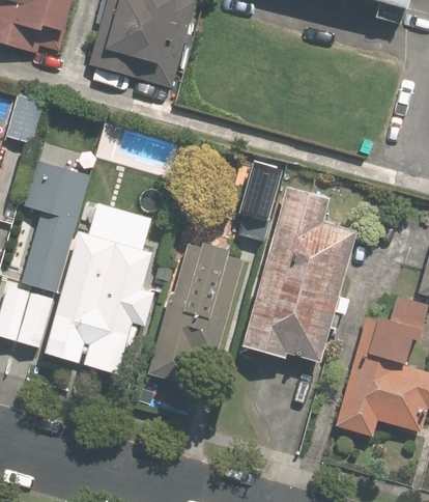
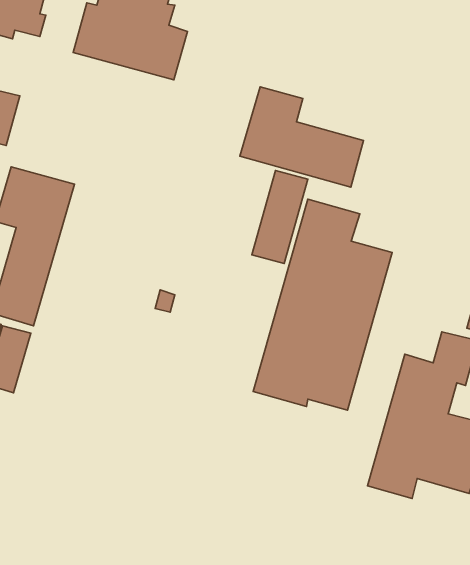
building: none -> [240,87,364,187]
building: [42,201,154,375] -> none
building: [150,243,245,383] -> none

